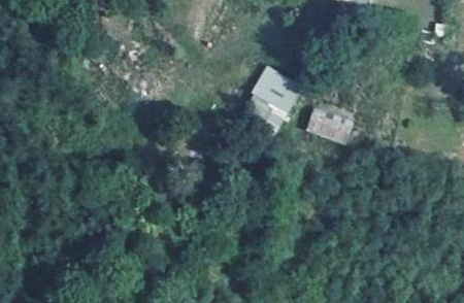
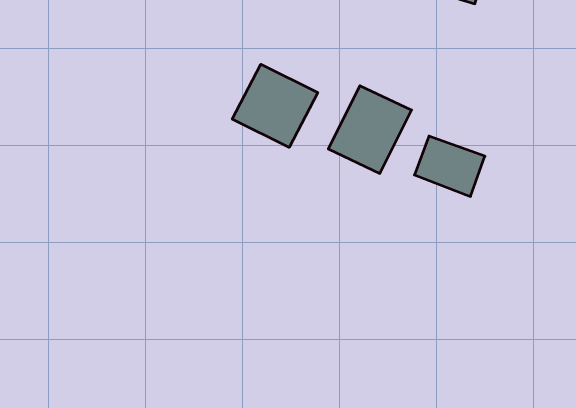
building: none -> [232,64,318,147]

